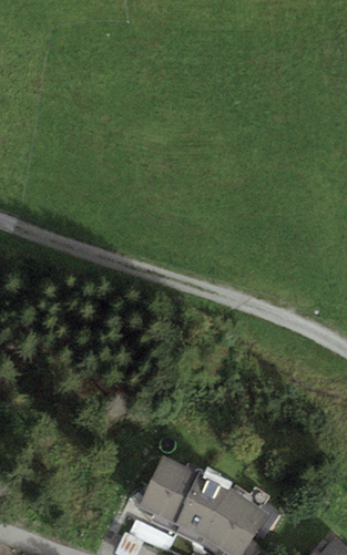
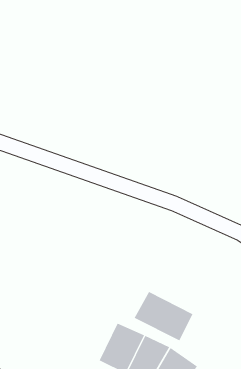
building: none -> [134,291,193,341]

